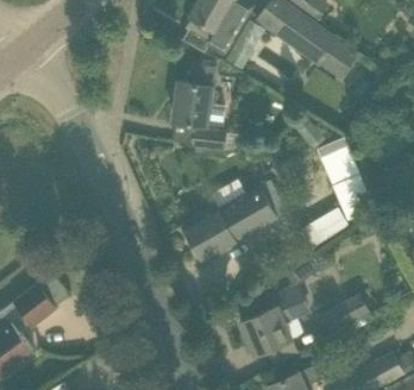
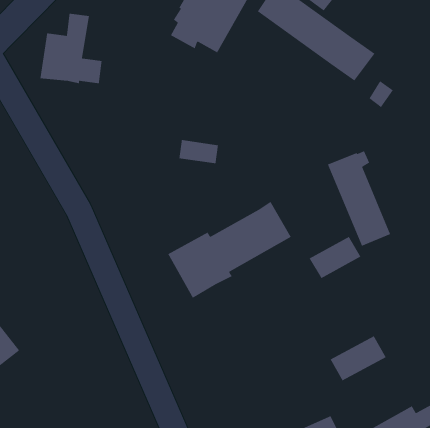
building: [171,64,225,125] -> [39,13,102,84]
building: [239,283,310,354] -> none

